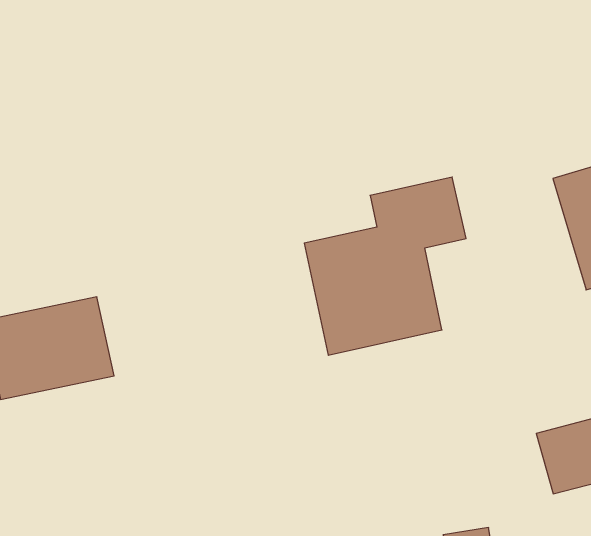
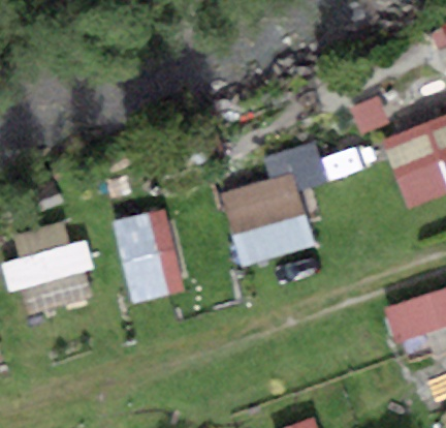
building: none -> [113,206,184,302]

